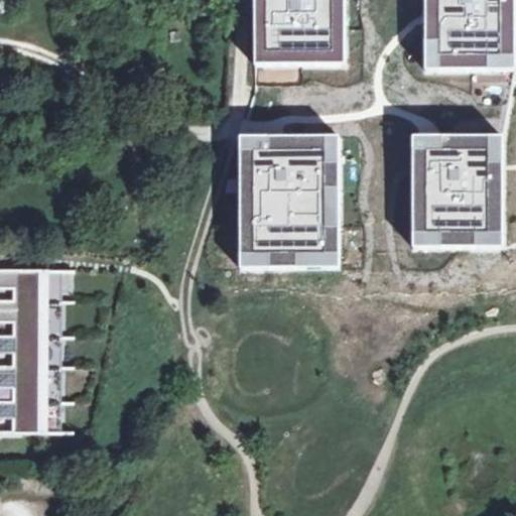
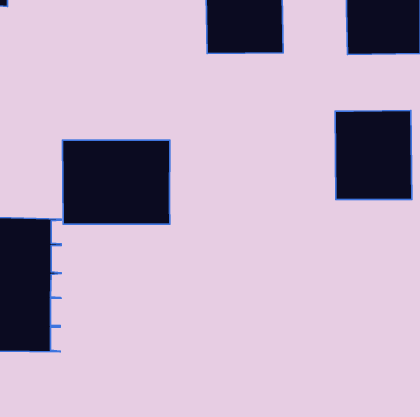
building: [239,136,339,266] -> none
building: none -> [62,140,170,224]

